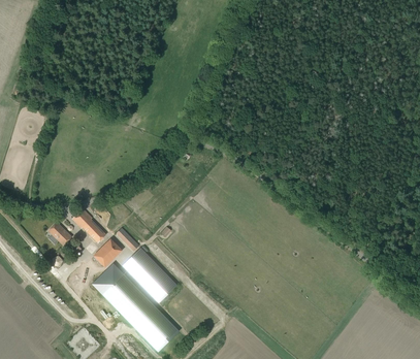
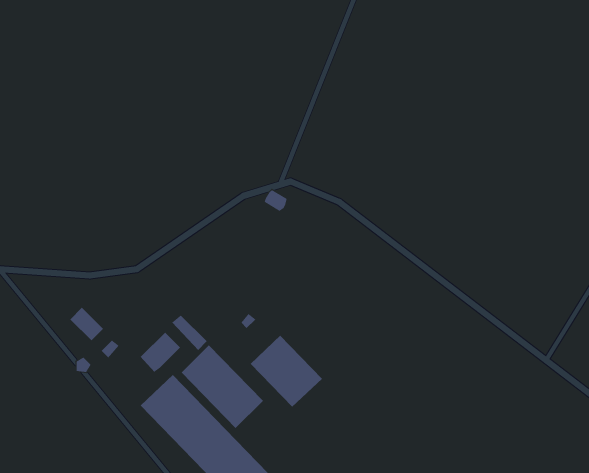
building: [71,208,105,241] -> none
building: none -> [250,335,323,408]

